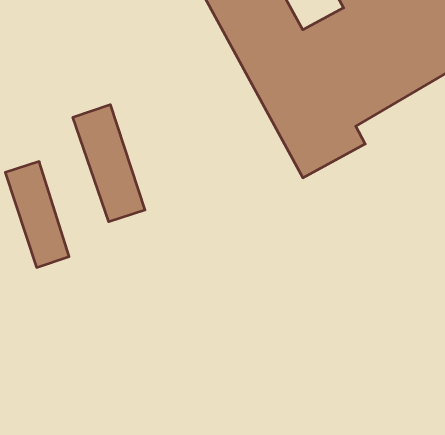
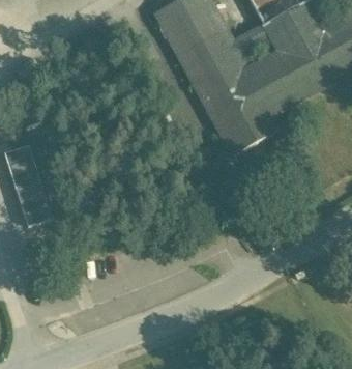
building: [73,105,145,222] -> none

